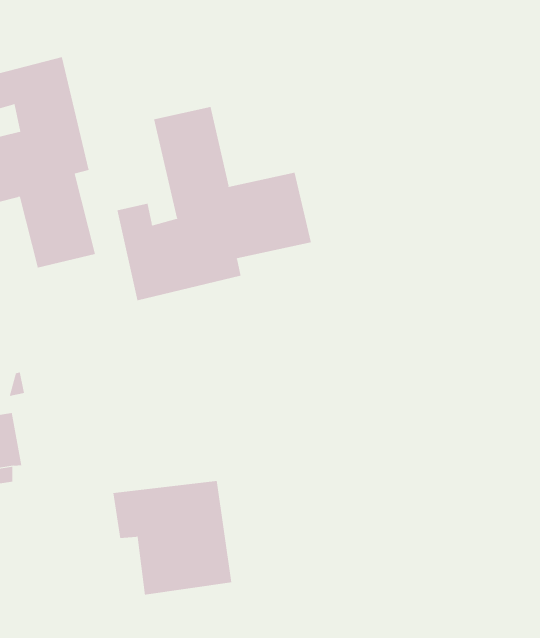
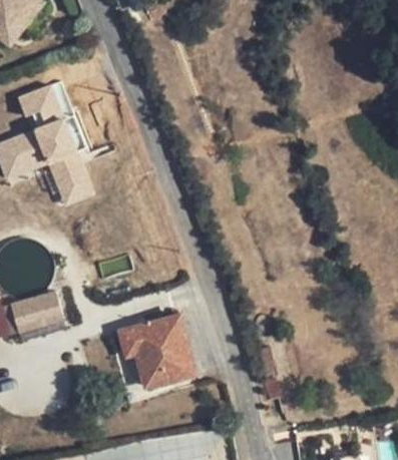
building: [117,106,311,301] -> none

